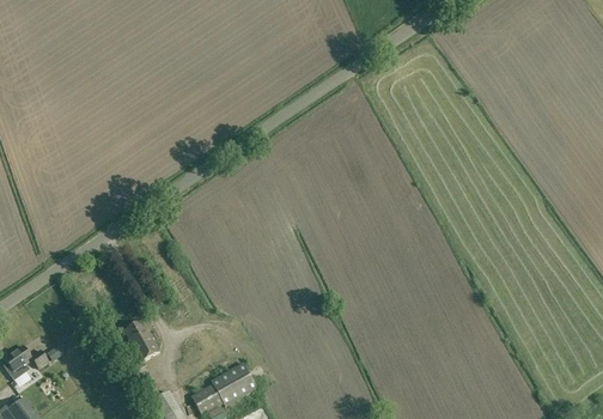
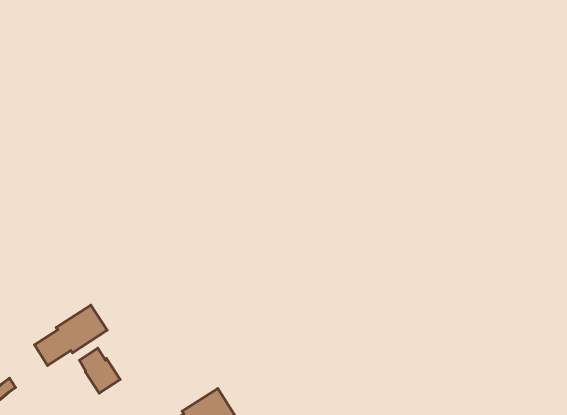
building: none -> [35,305,107,365]

